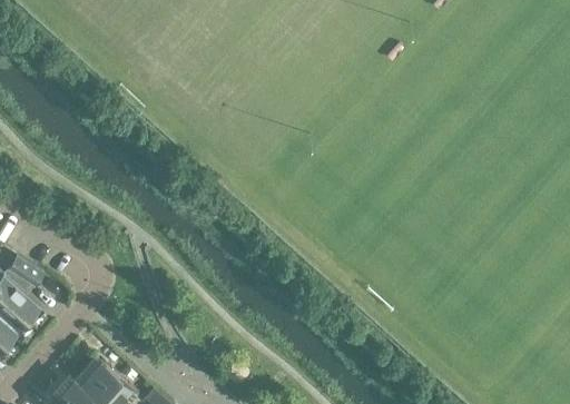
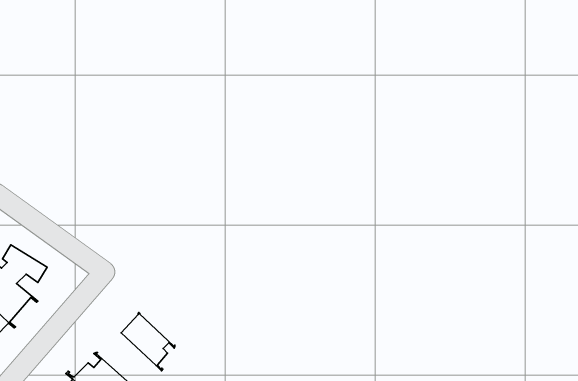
building: none -> [121,313,175,371]

